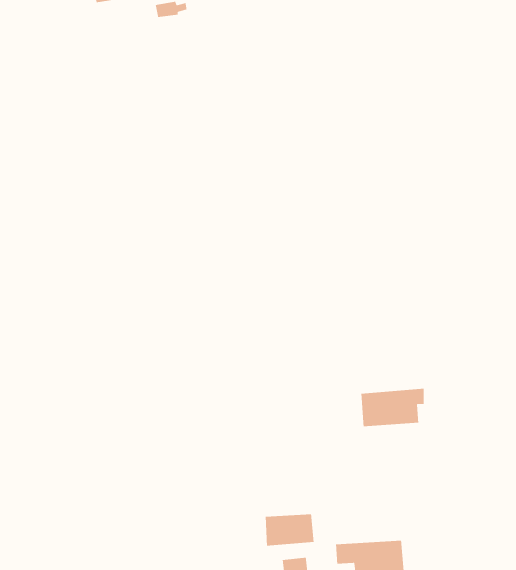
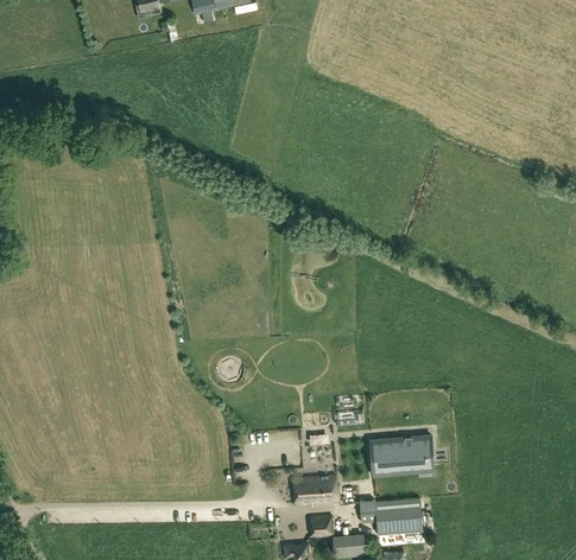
building: [360,388,424,427] -> [371,434,429,470]

